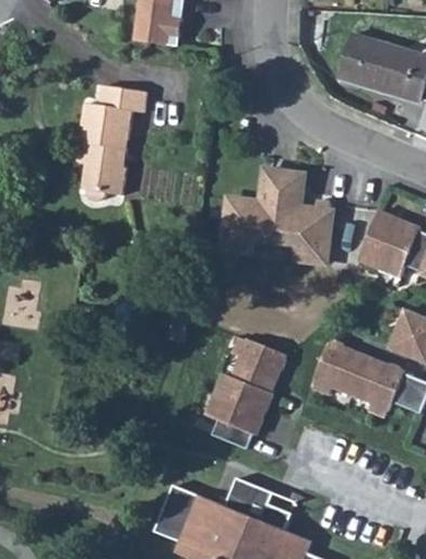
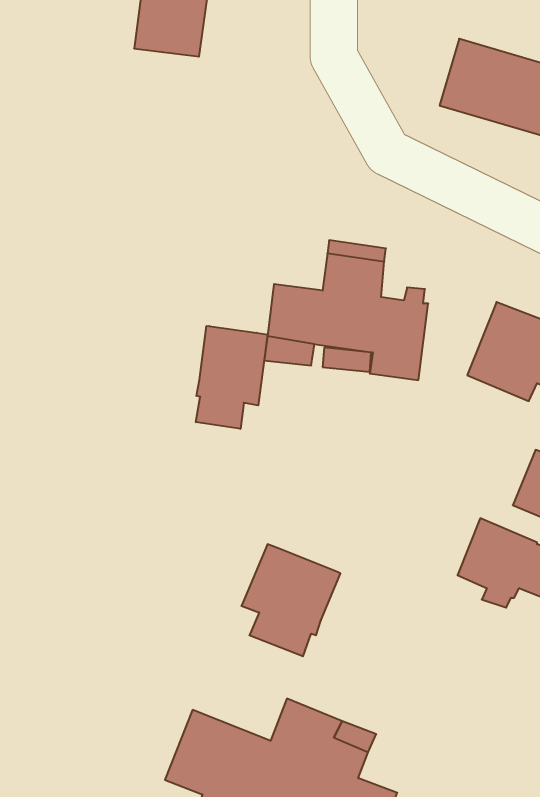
building: [76,76,147,191] -> none
building: none -> [196,326,267,429]
building: [233,337,286,392] -> none
building: [312,341,367,394] -> none

